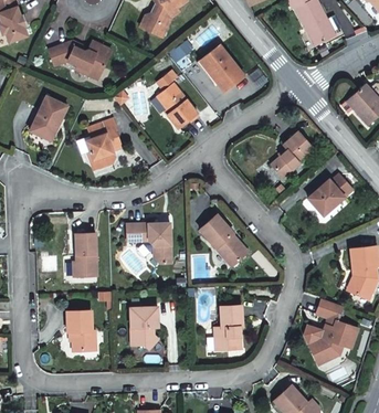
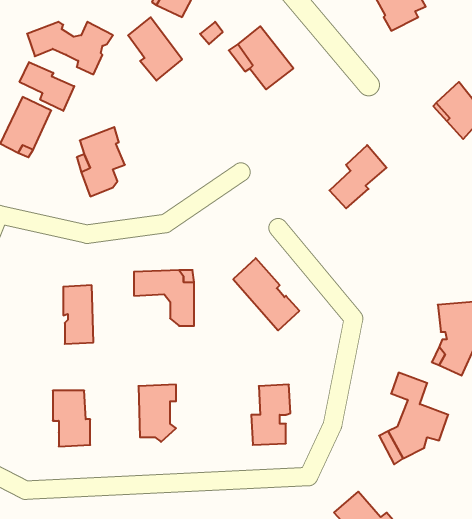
building: none -> [20,62,74,111]
building: [157,82,197,128] -> [128,17,182,81]
building: [308,172,352,214] -> none

